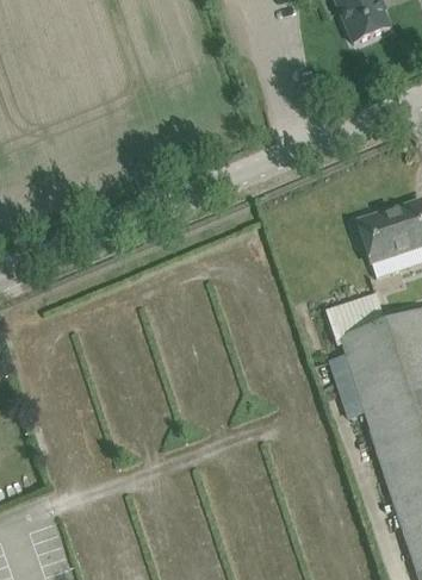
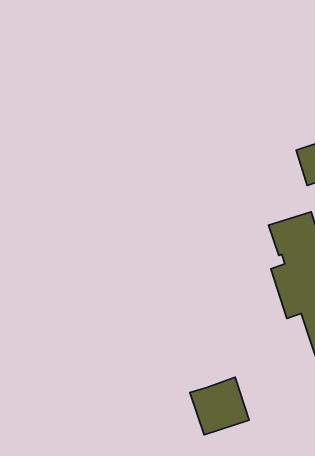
building: none -> [190,377,249,435]

